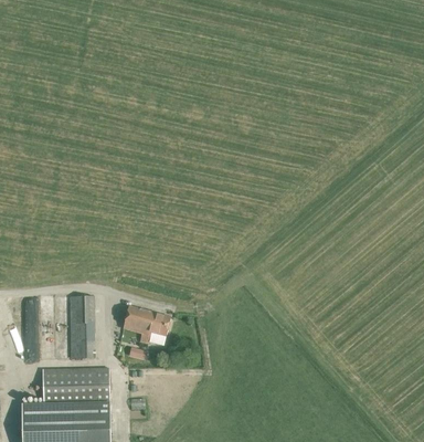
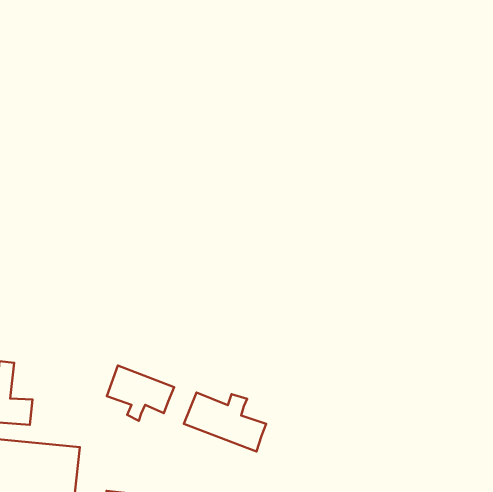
building: [70,297,94,359] -> none
building: none -> [184,393,266,451]

